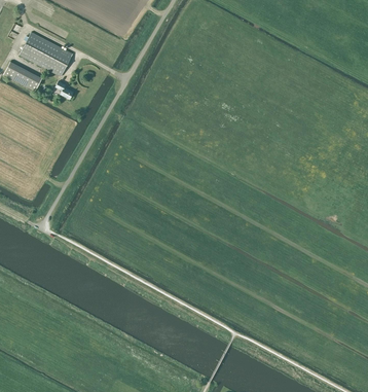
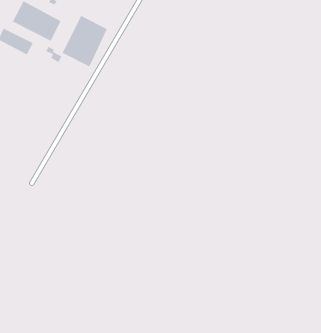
building: none -> [61,15,108,67]

